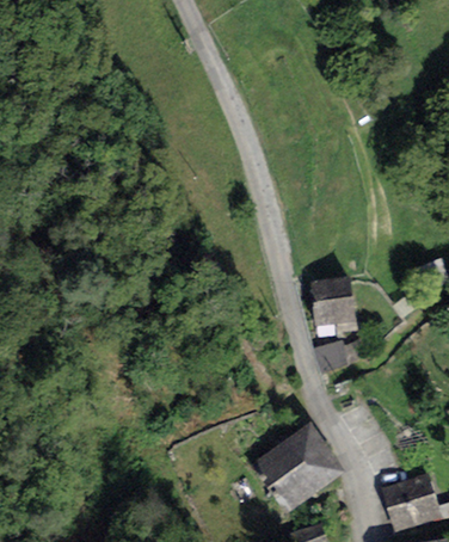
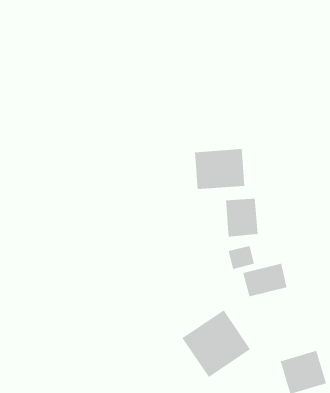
building: none -> [194,148,245,190]
building: none -> [243,263,287,297]

